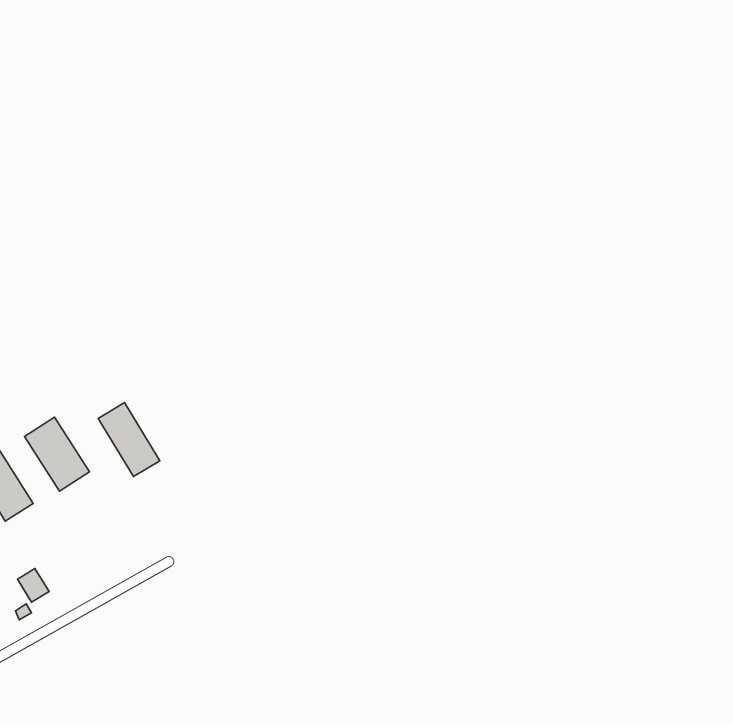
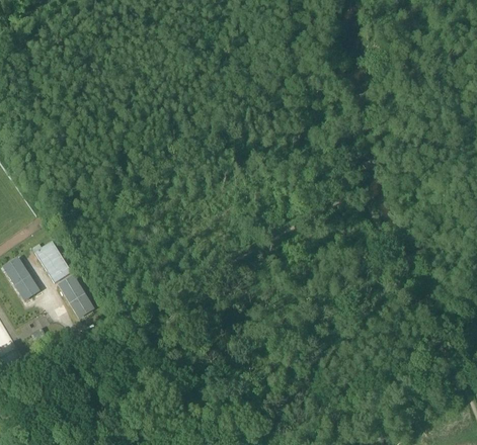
building: [98,403,160,477] -> [58,274,93,317]

